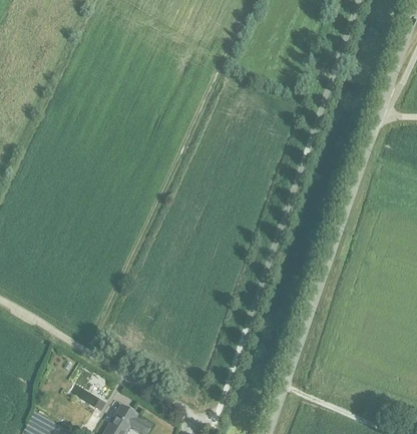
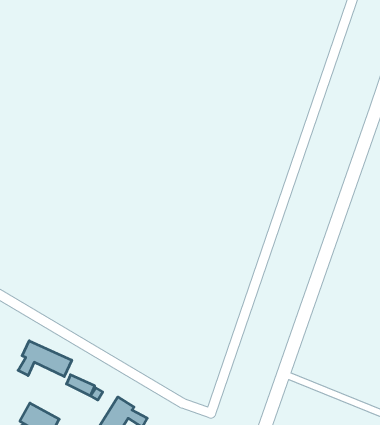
building: none -> [18,341,72,377]

